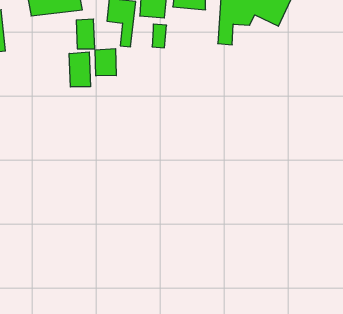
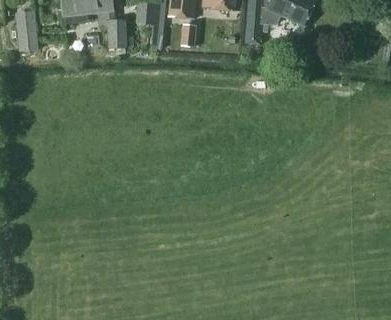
building: [95,49,116,76] -> none
building: [69,52,90,87] -> none

